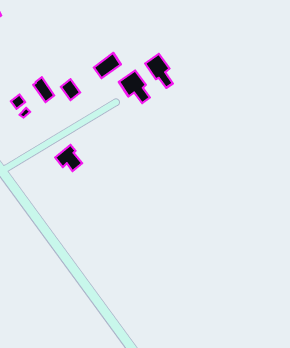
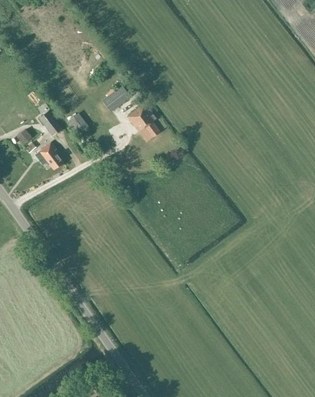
building: [145,54,173,88] -> none
building: [55,145,82,171] -> [35,142,63,169]

